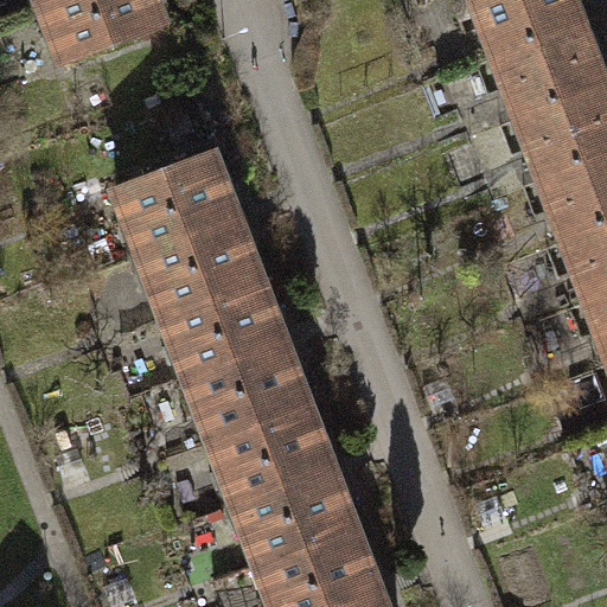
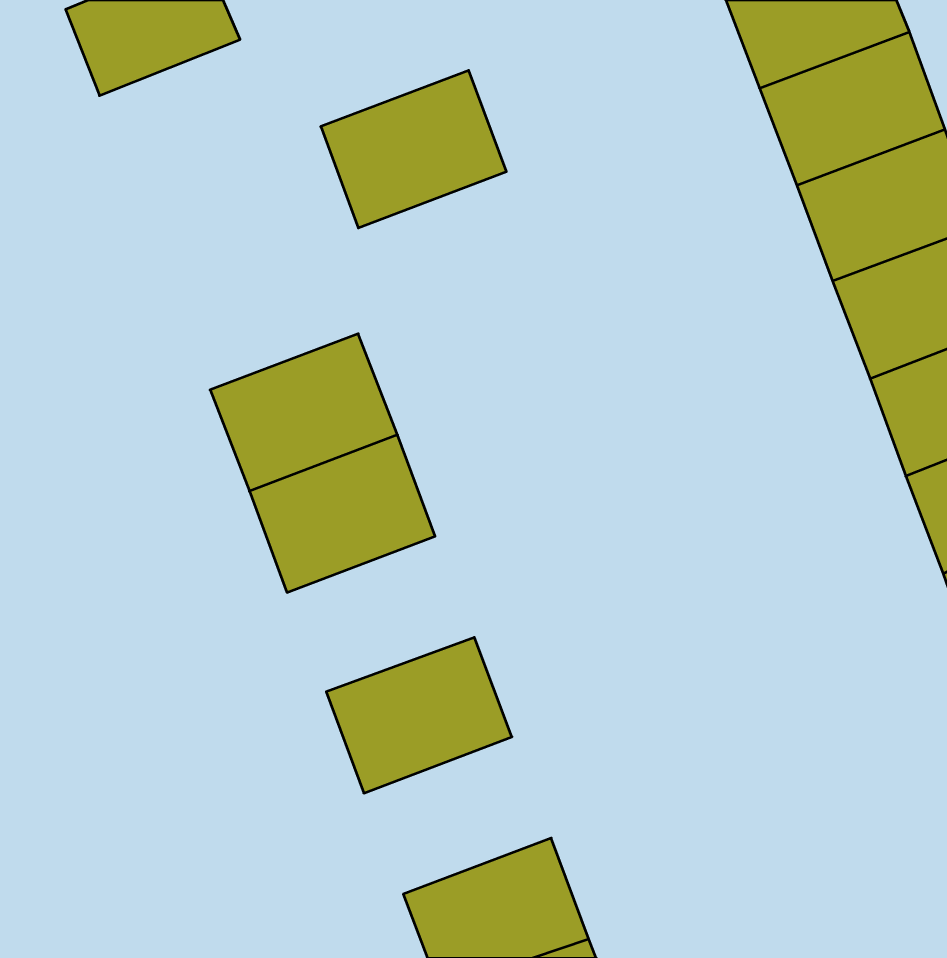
building: [116,147,234,247] -> [321,70,506,228]
building: [189,339,307,437] -> none
building: [237,466,356,566] -> none

